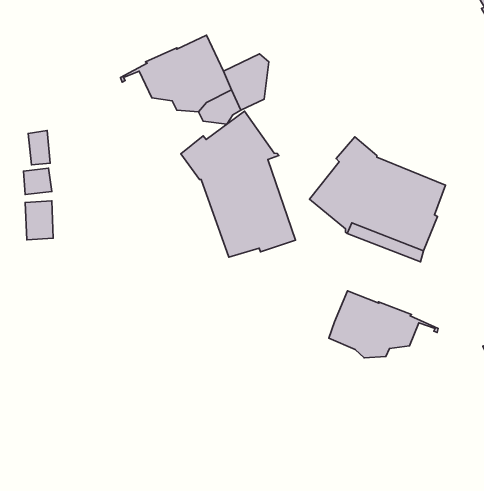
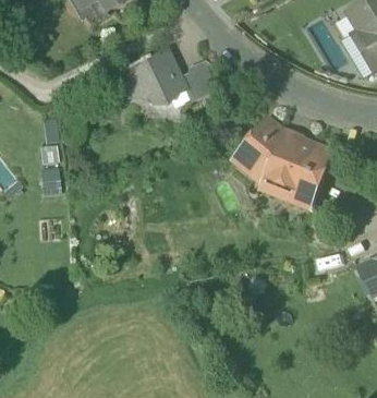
building: [181,111,296,257] -> none
building: [329,291,438,358] -> none

